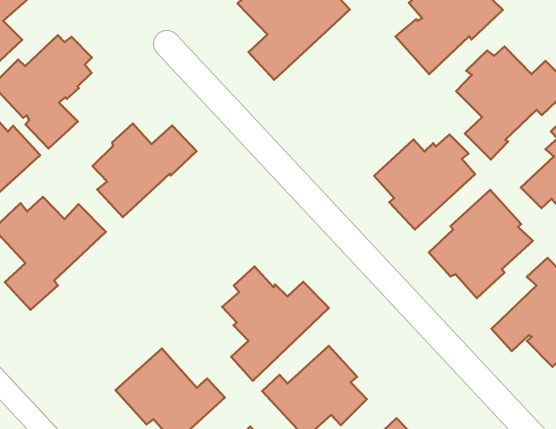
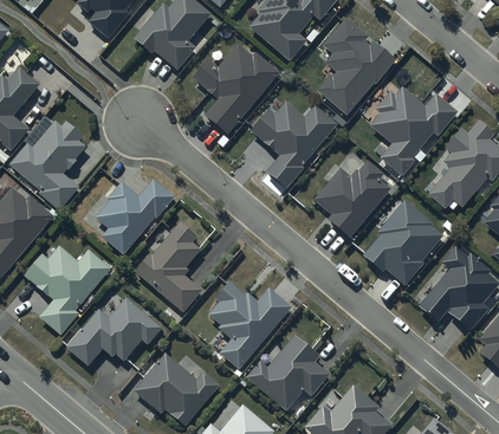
building: none -> [251,101,337,188]
building: none -> [134,219,201,311]
building: none -> [67,296,162,364]

